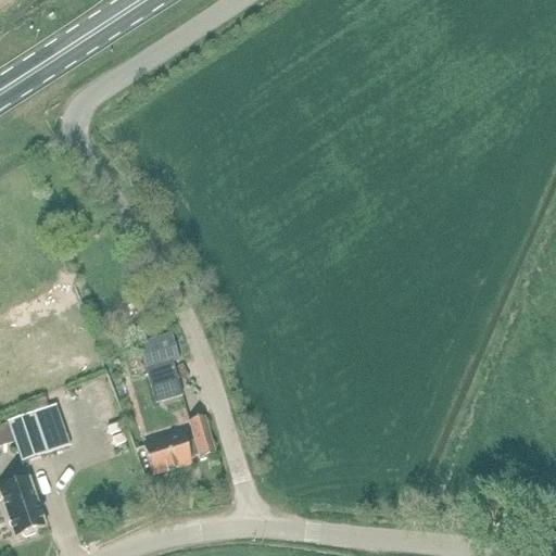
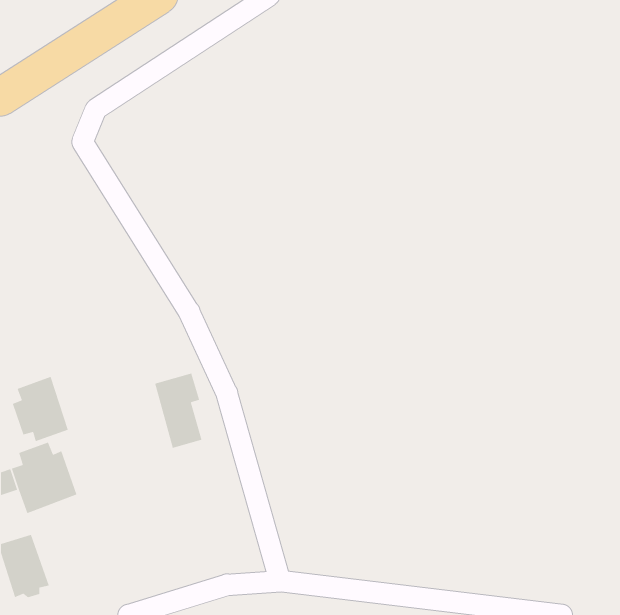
building: none -> [12,376,69,442]
building: [144,417,214,473] -> none

